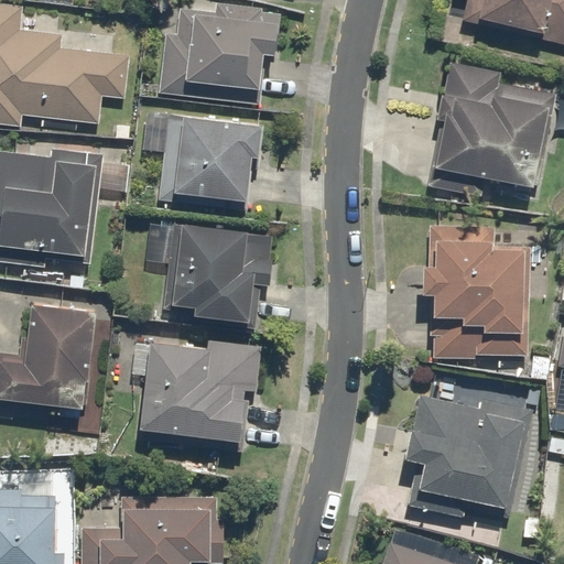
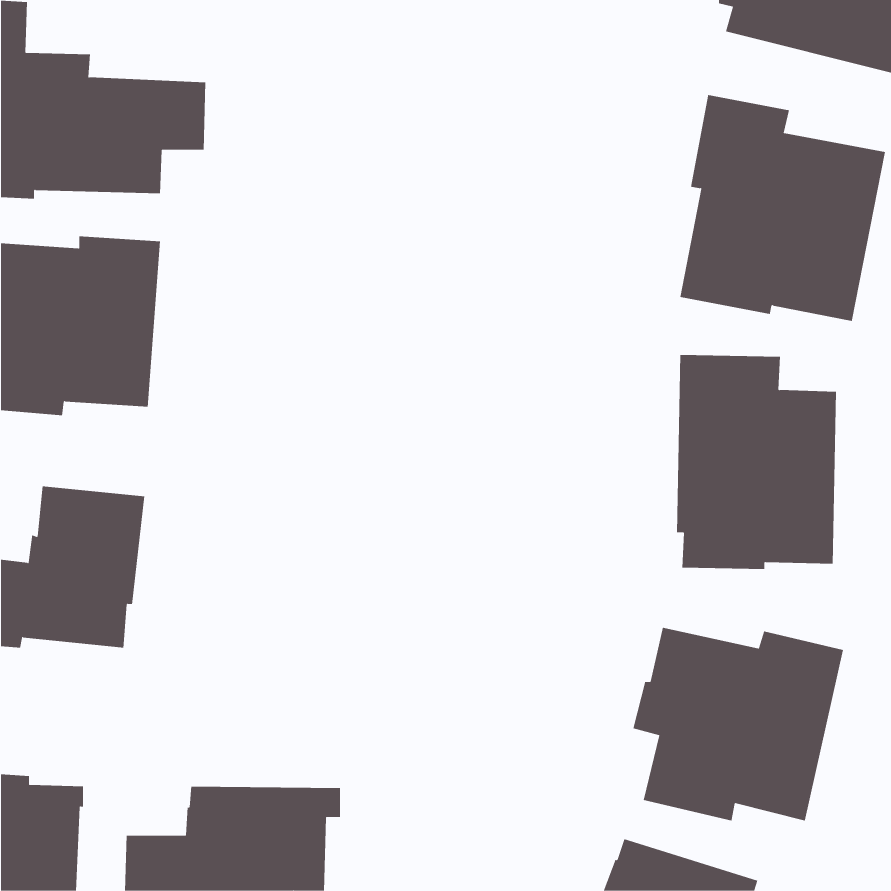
building: [159,4,281,100] -> none
building: [144,115,261,203] -> none
building: [162,225,271,324] -> none
building: [138,339,261,441] -> none

